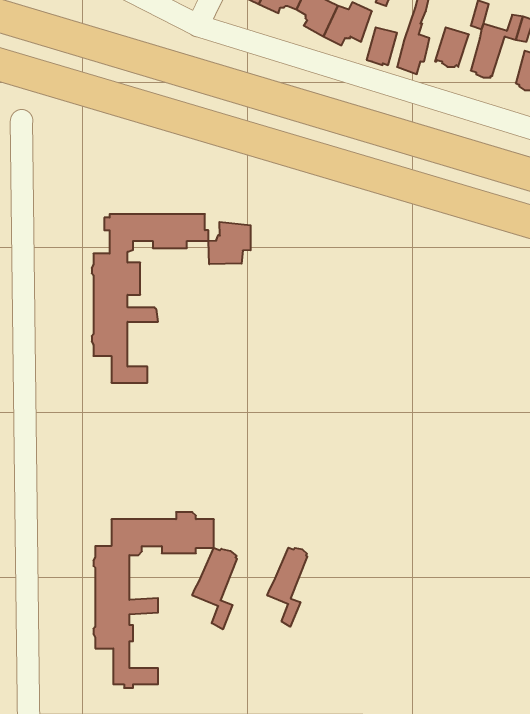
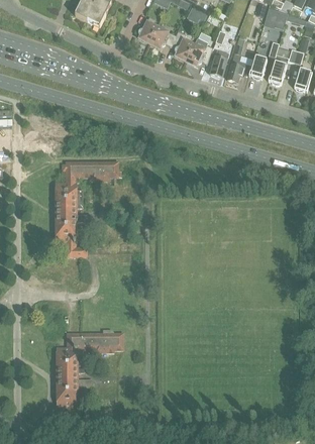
building: [208,222,251,264] -> none
building: [267,548,307,627] -> none
building: [192,548,237,629] -> none

